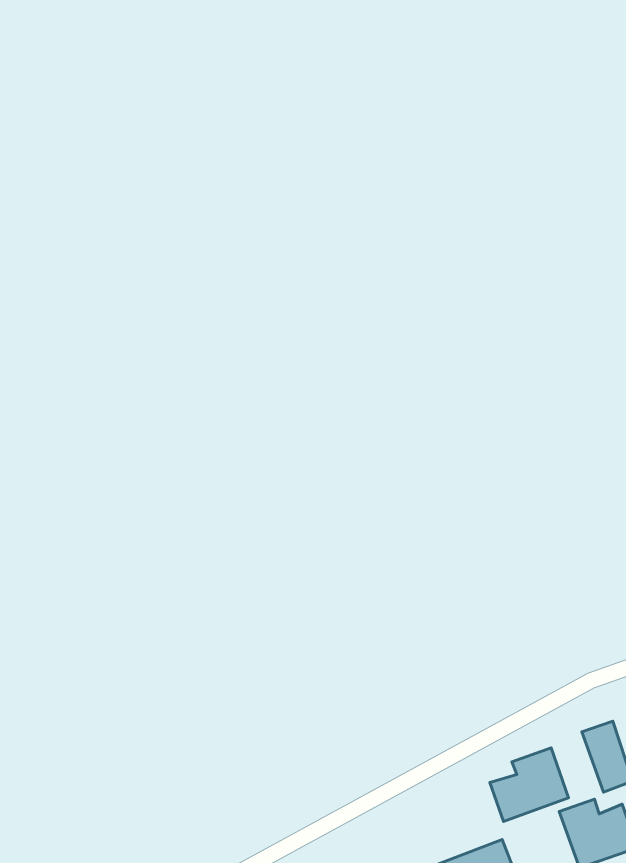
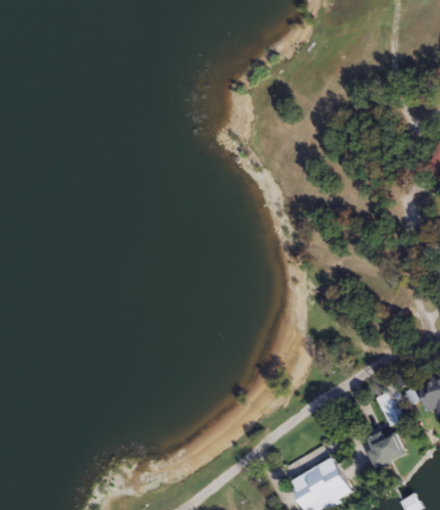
building: [490,748,569,822] -> none

